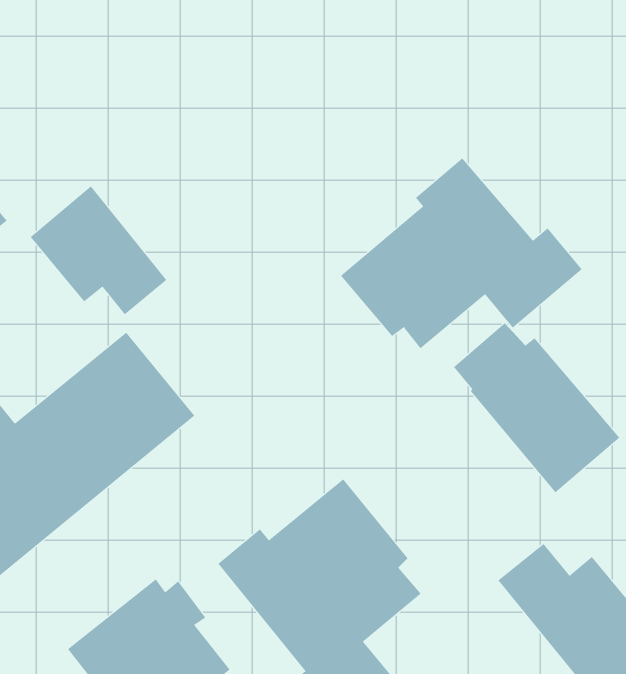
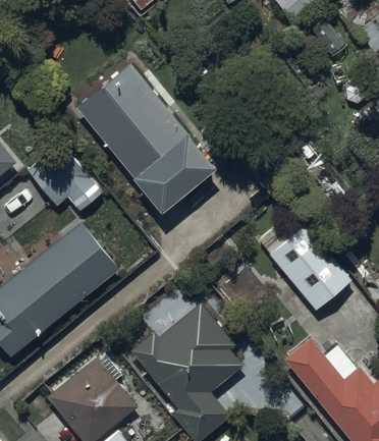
building: none -> [76,63,215,211]
building: [340,158,583,349] -> none

